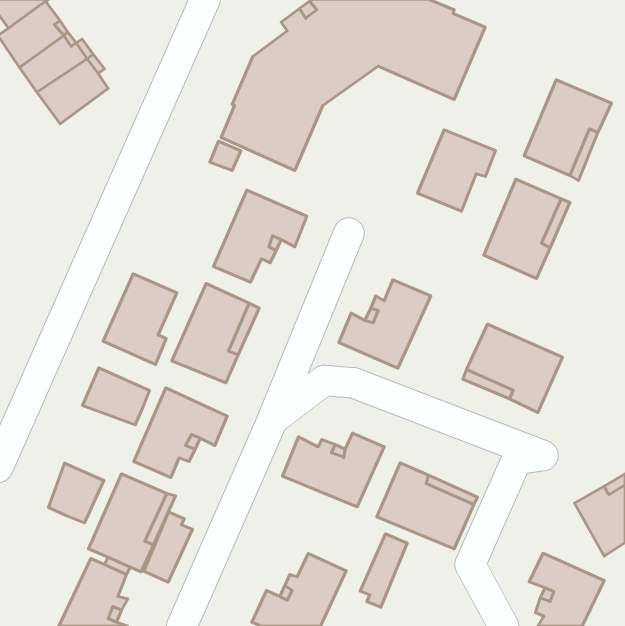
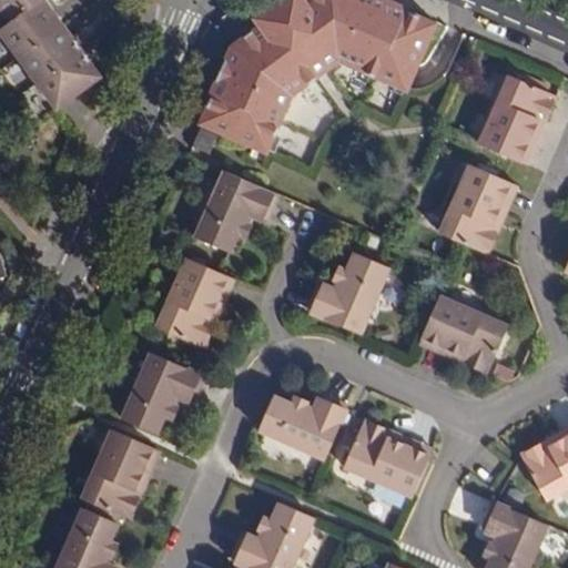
building: [417,130,496,211] -> none
building: [103,274,177,364] -> none
building: [82,368,150,425] -> none
building: [49,463,104,523] -> none
building: [144,512,192,582] -> none
building: [360,534,407,607] -> none

